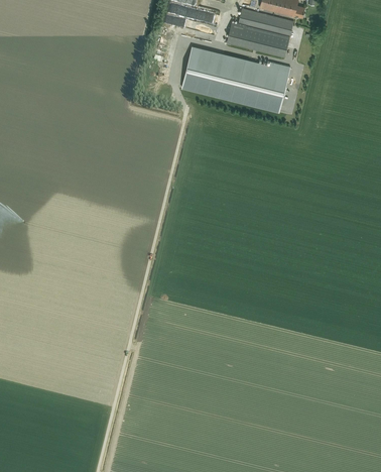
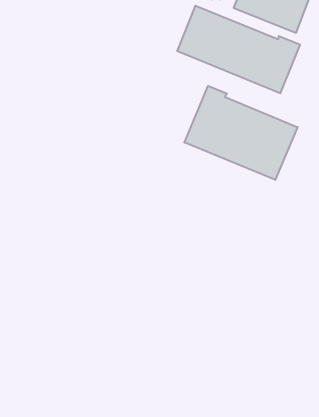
building: none -> [184,86,298,180]

